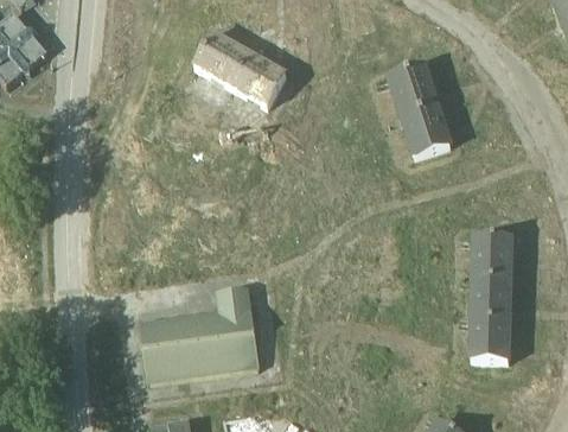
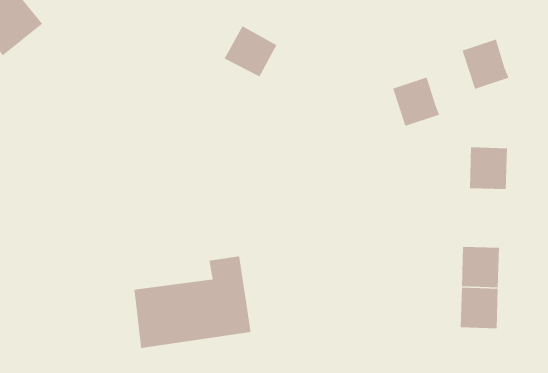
building: [193,30,249,84] -> none
building: [388,62,436,114] -> [462,38,509,90]
building: [472,231,511,275] -> [469,147,508,190]

